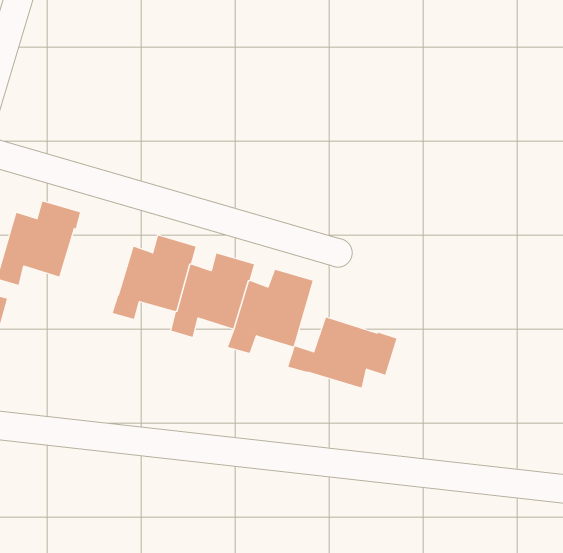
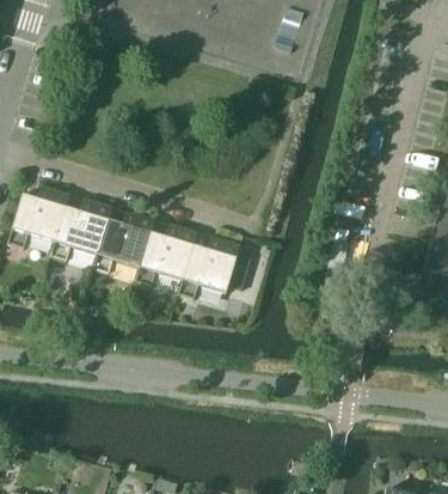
building: none -> [51,199,113,261]
building: [288,317,397,388] -> none

